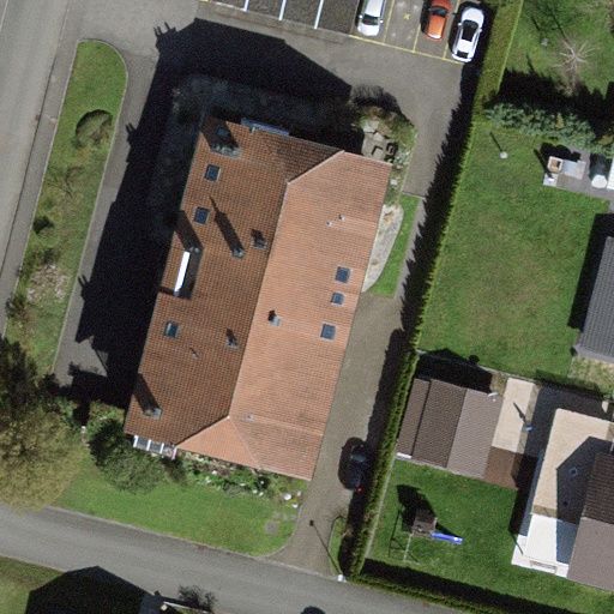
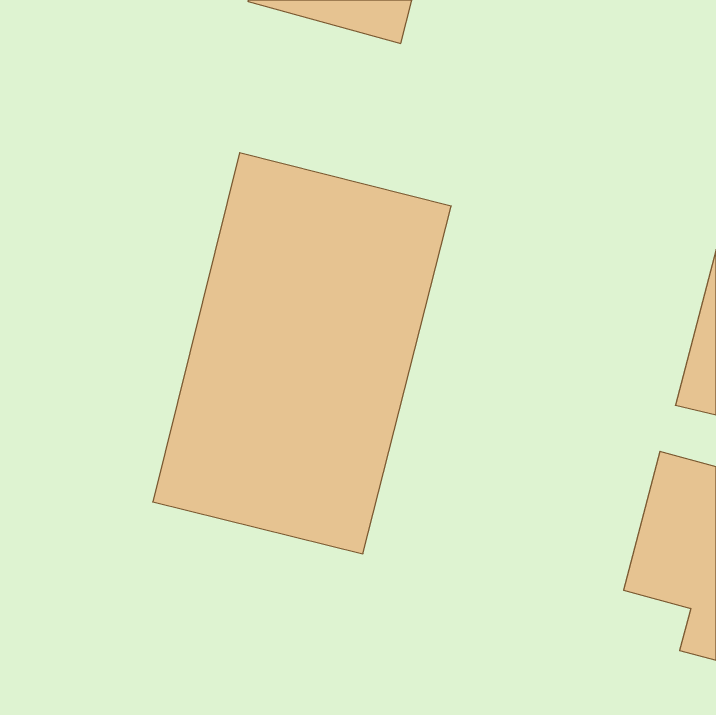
building: [405,365,523,482] -> none

